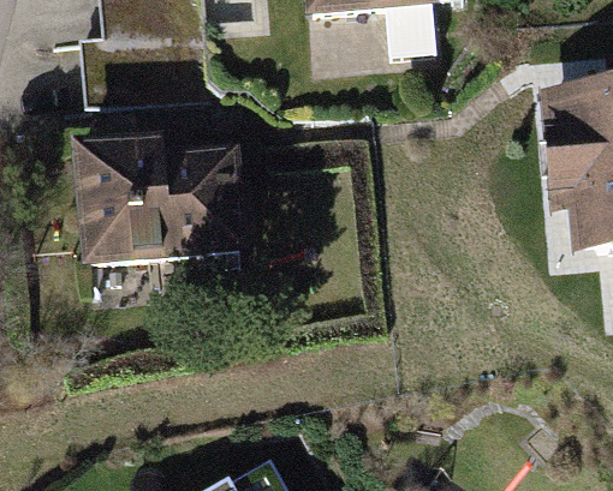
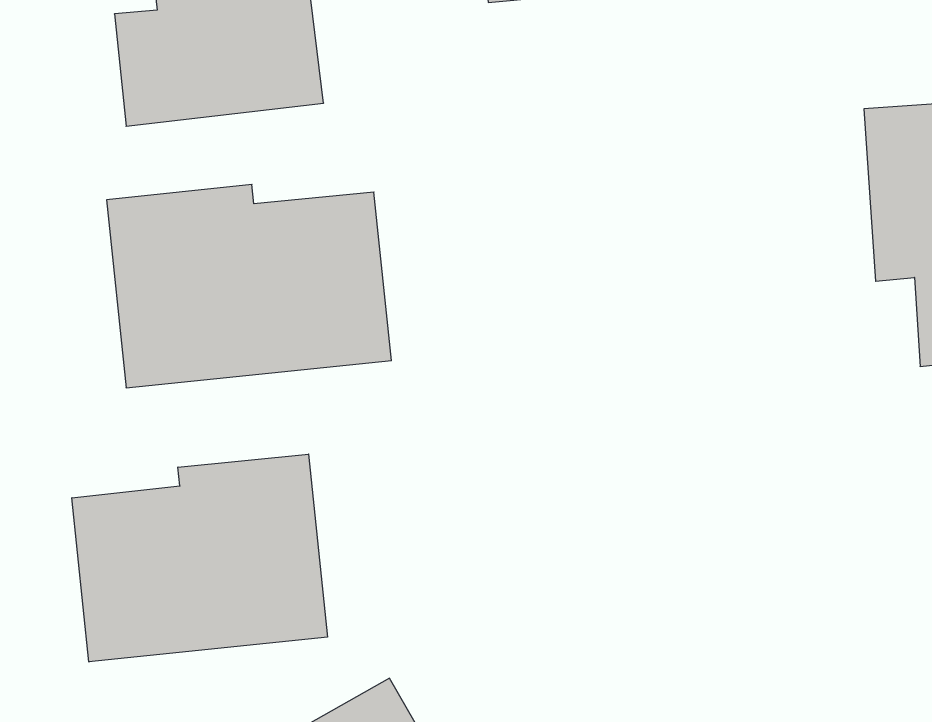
building: none -> [72,454,327,662]

